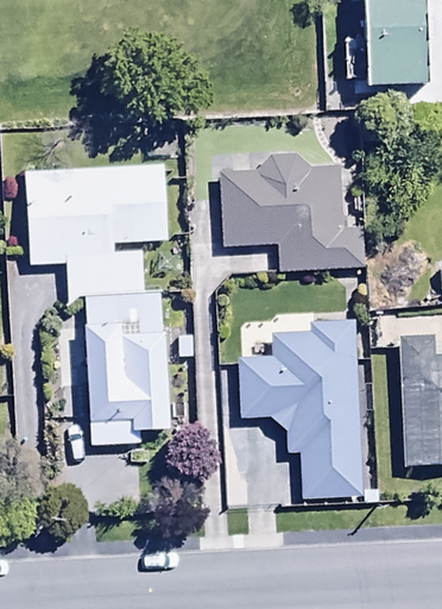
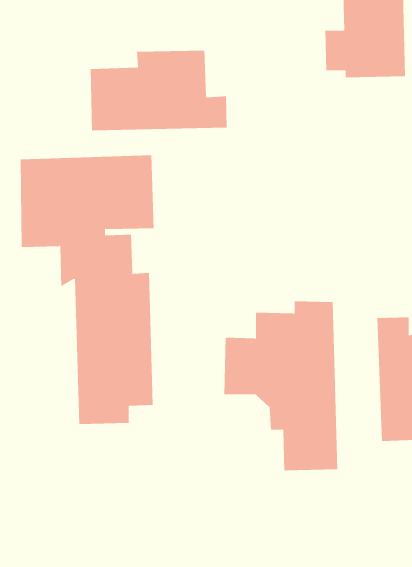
building: none -> [90,50,227,131]
building: [221,152,364,269] -> none

